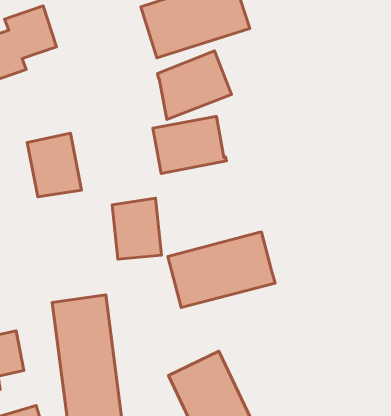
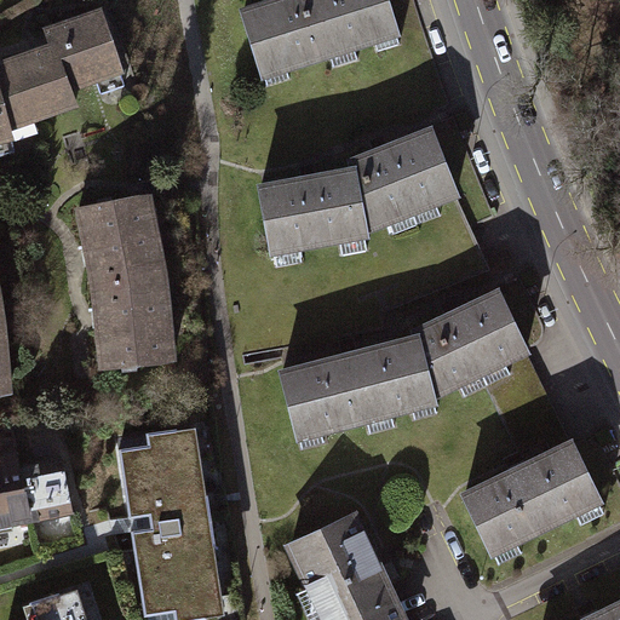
building: [158,51,231,120] -> [350,130,457,229]
building: [112,198,161,259] -> [94,276,166,364]
building: none -> [413,291,527,392]
building: none -> [464,442,599,550]

